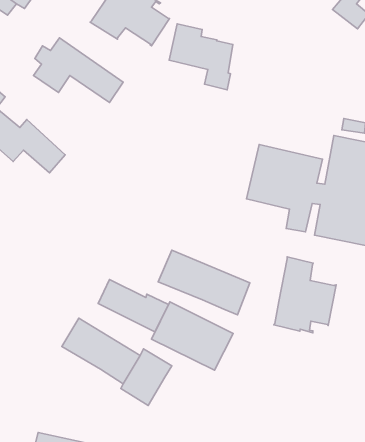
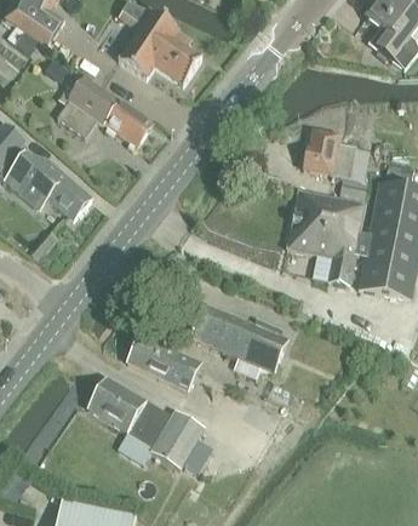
building: [169,24,233,90] -> [302,128,370,199]
building: [274,257,336,333] -> none
building: [151,302,233,370] -> none

